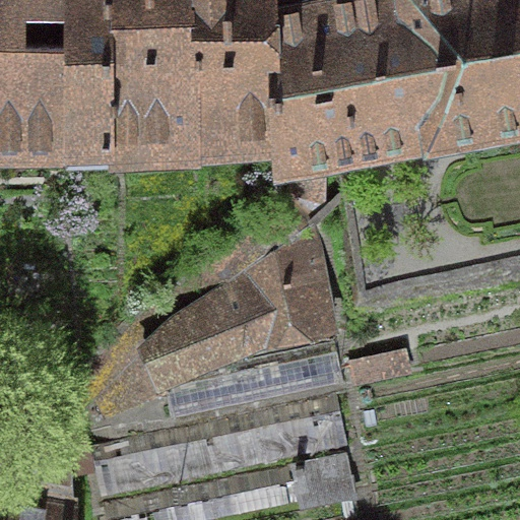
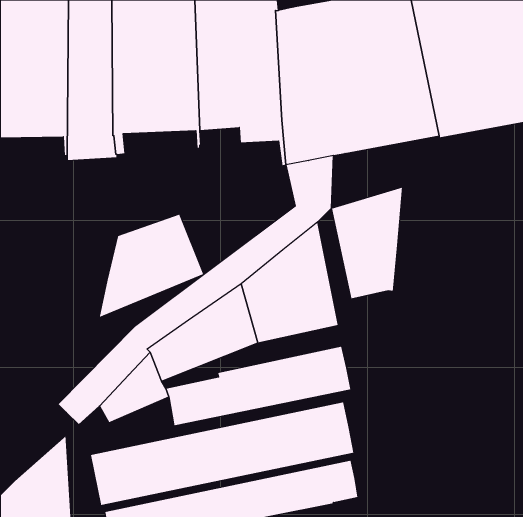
building: none -> [331,187,402,299]
building: none -> [99,214,204,318]

